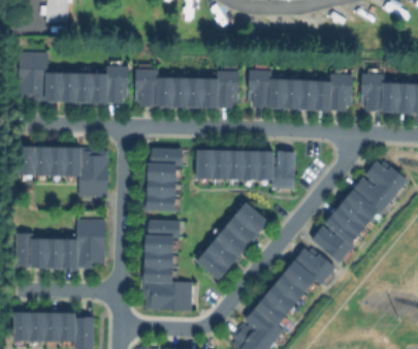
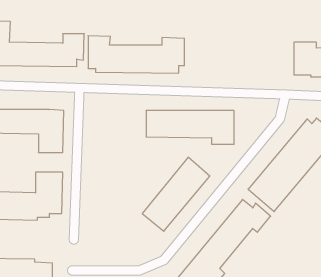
building: [249,69,353,107] -> none
building: [150,148,183,212] -> none
building: [143,221,192,311] -> none

